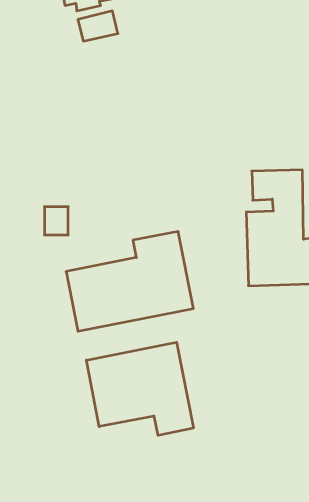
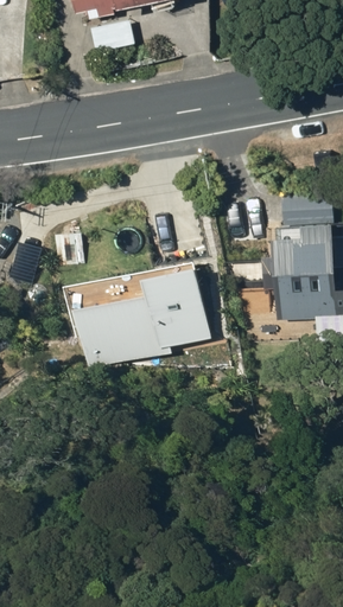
building: [86,342,193,435] -> none

